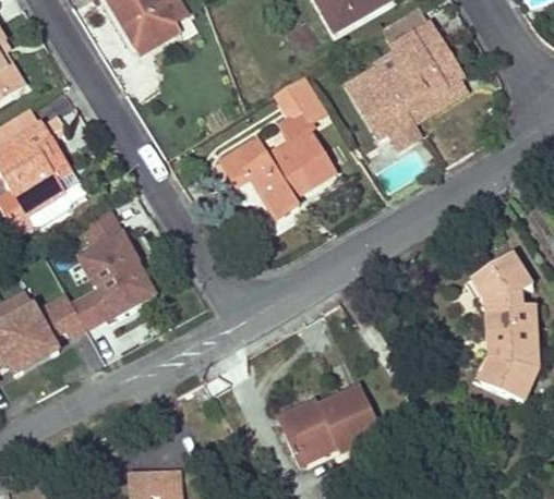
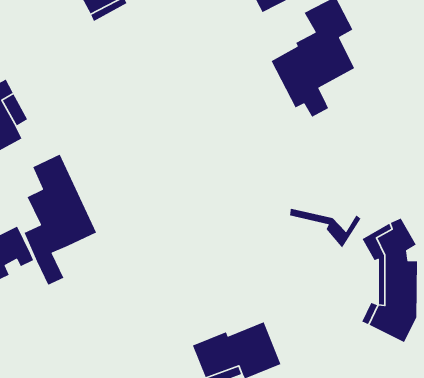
building: [406,42,470,123] -> none
building: [222,73,334,218] -> none
building: none -> [289,208,361,249]

